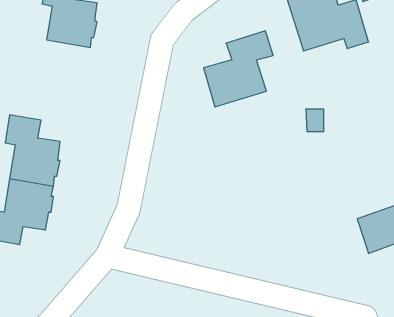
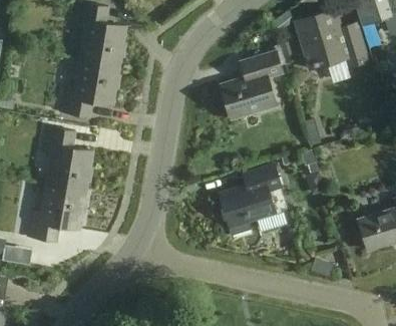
building: none -> [61,59,119,117]
building: none -> [220,165,282,236]

